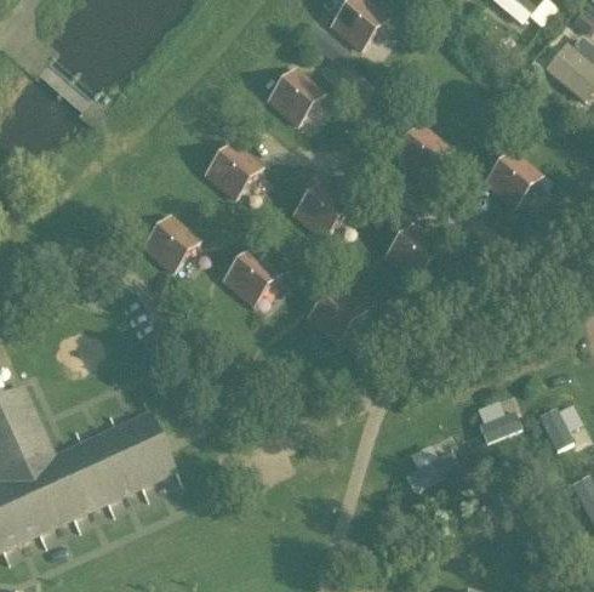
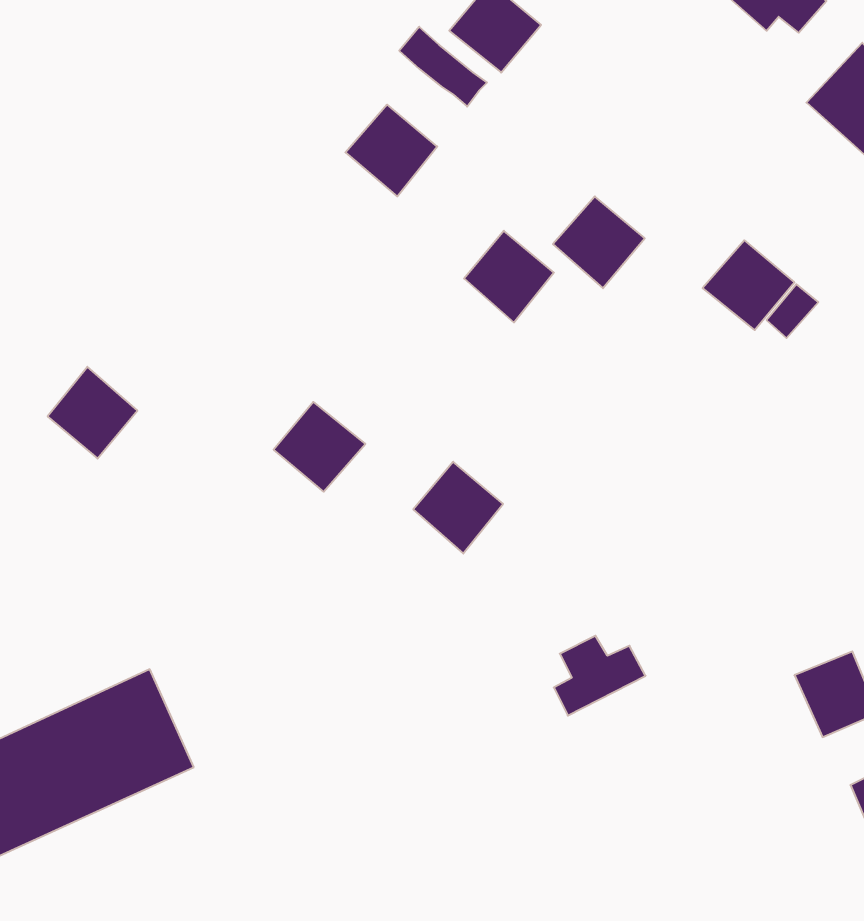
building: [204,142,259,198] -> none
building: [292,182,347,238] -> [464,231,554,322]
building: [142,215,196,271] -> [48,367,137,459]
building: [383,224,439,280] -> none
building: [475,400,521,440] -> none
building: [405,443,461,491] -> [554,636,646,716]

